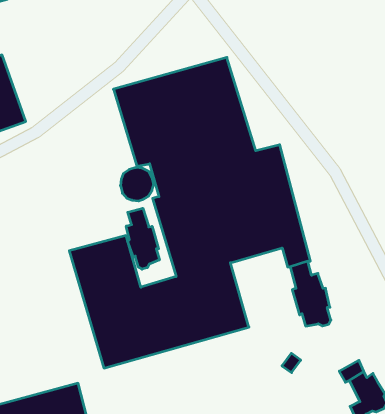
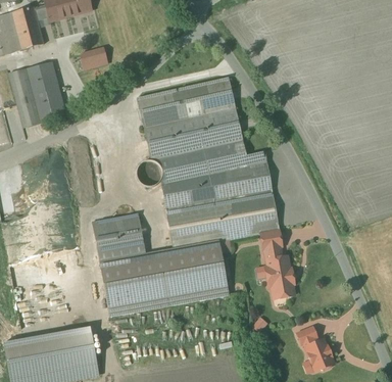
building: none -> [80,46,108,68]
building: [126,208,159,269] -> none

